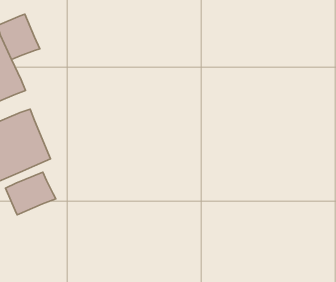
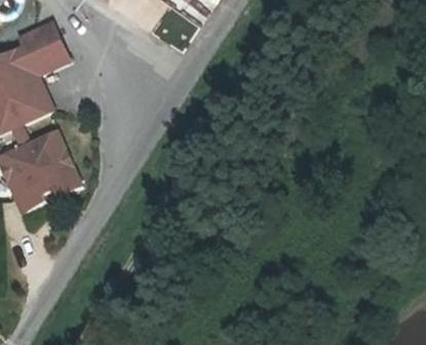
building: [6,172,56,215] -> none

